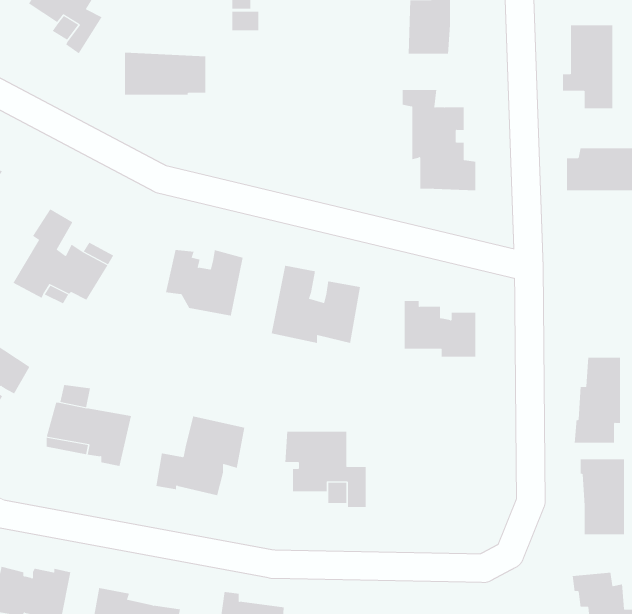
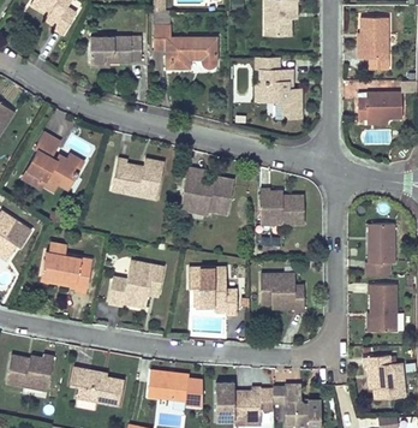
building: none -> [153,26,215,67]
building: none -> [261,274,305,311]

